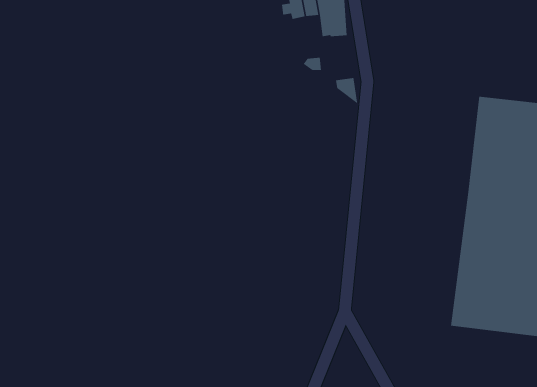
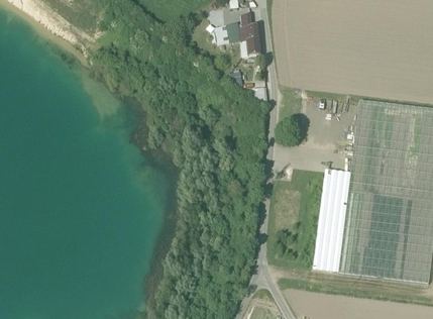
building: none -> [313,168,351,271]

